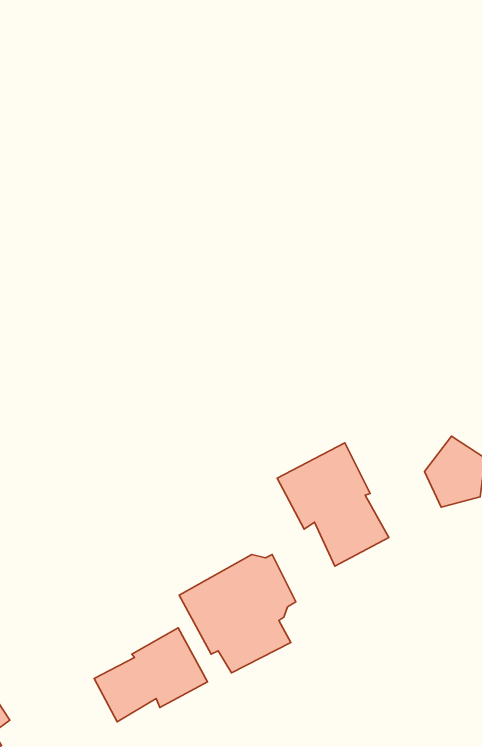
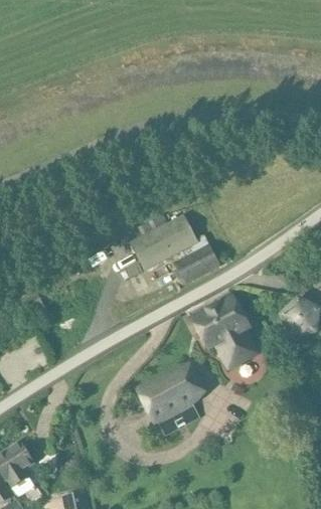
building: none -> [127,214,220,282]
building: [94,628,208,722] -> none

